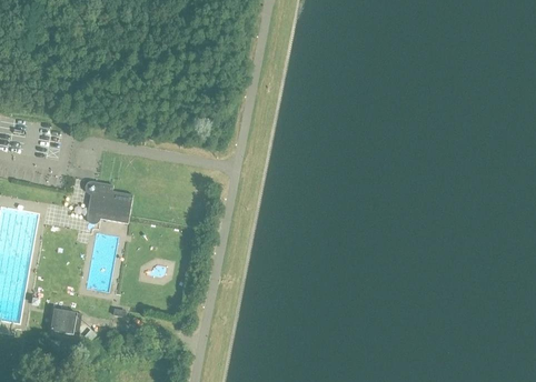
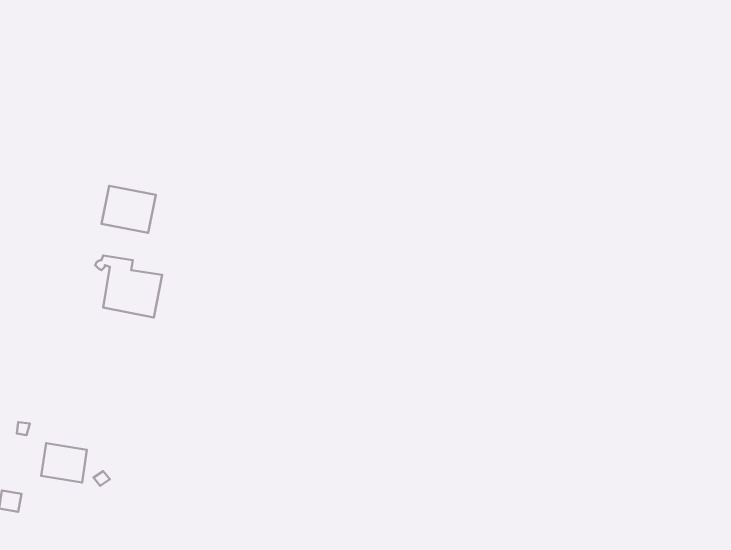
building: none -> [102,186,156,233]

